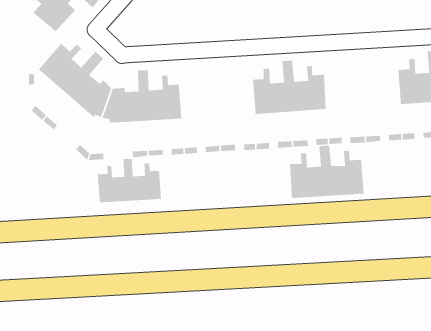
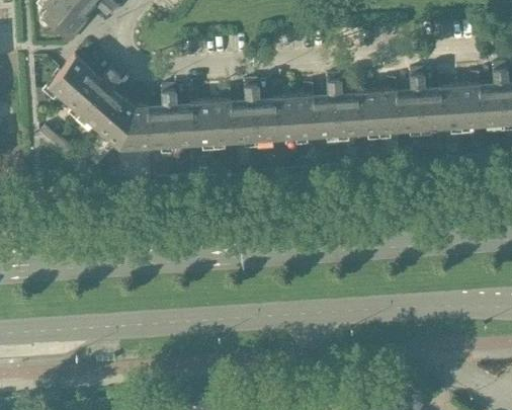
building: none -> [210,83,296,146]
building: [289,145,365,199] -> [376,73,462,135]
building: [97,158,162,203] -> none

